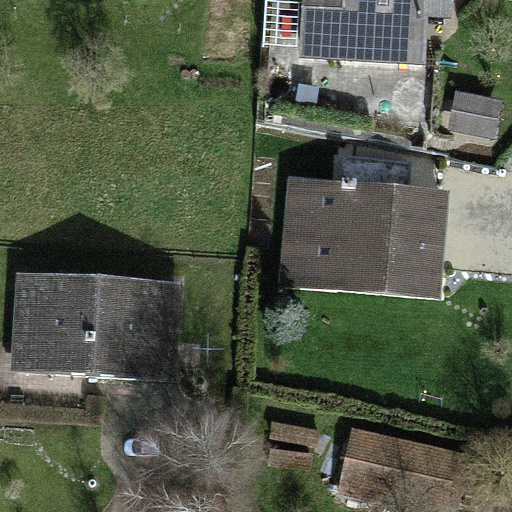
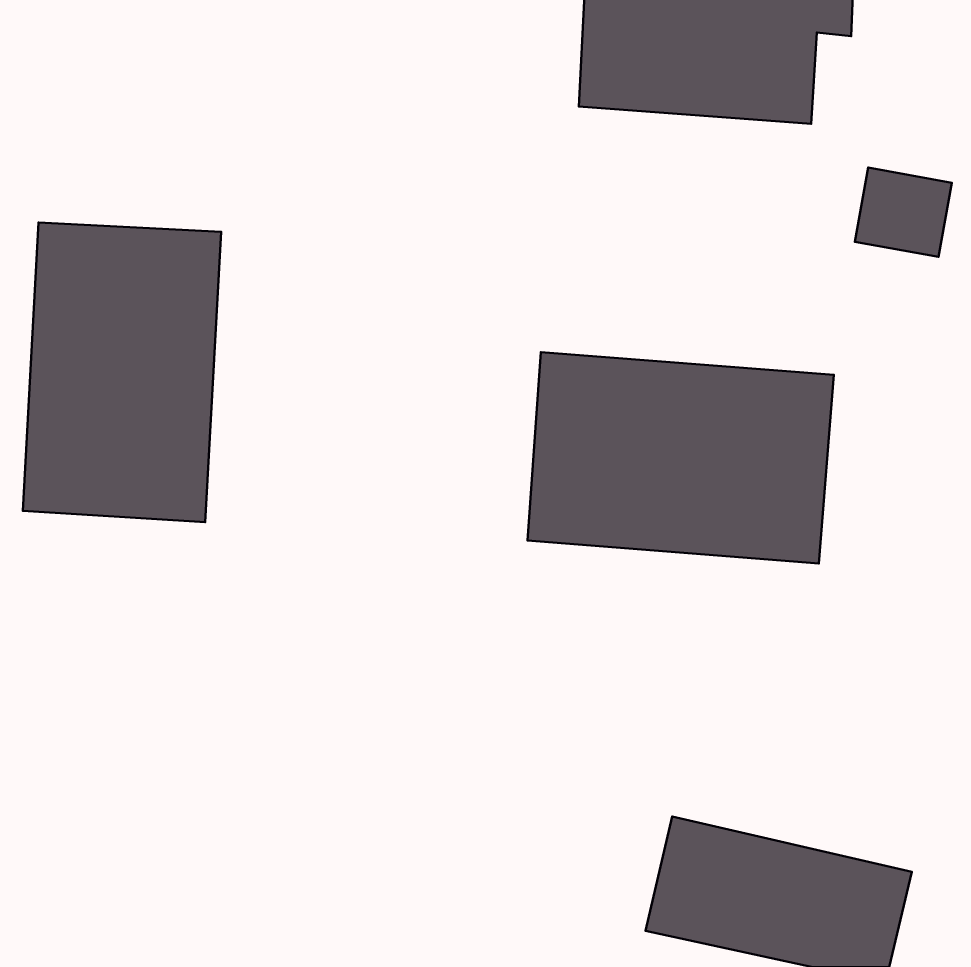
building: none -> [23,223,221,522]
building: [9,274,178,376] -> none

